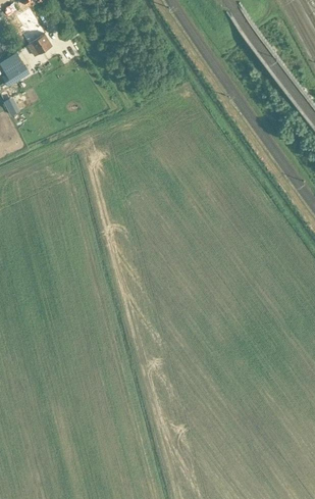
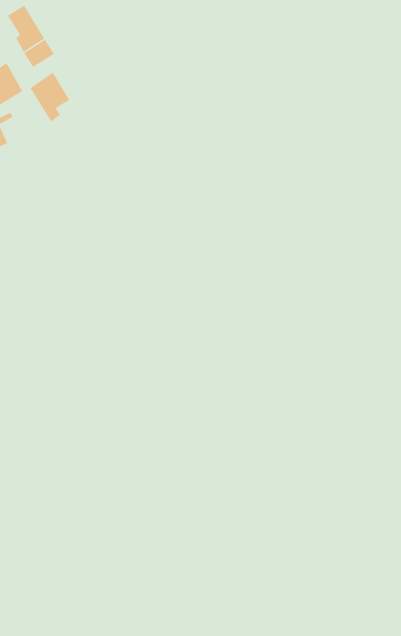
building: none -> [29,72,70,122]

